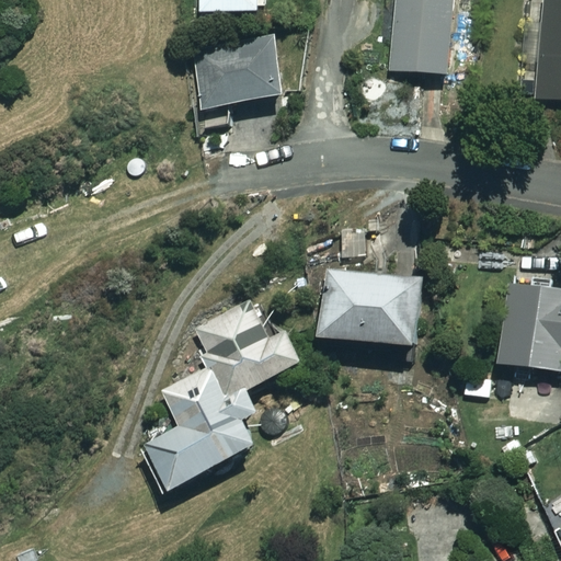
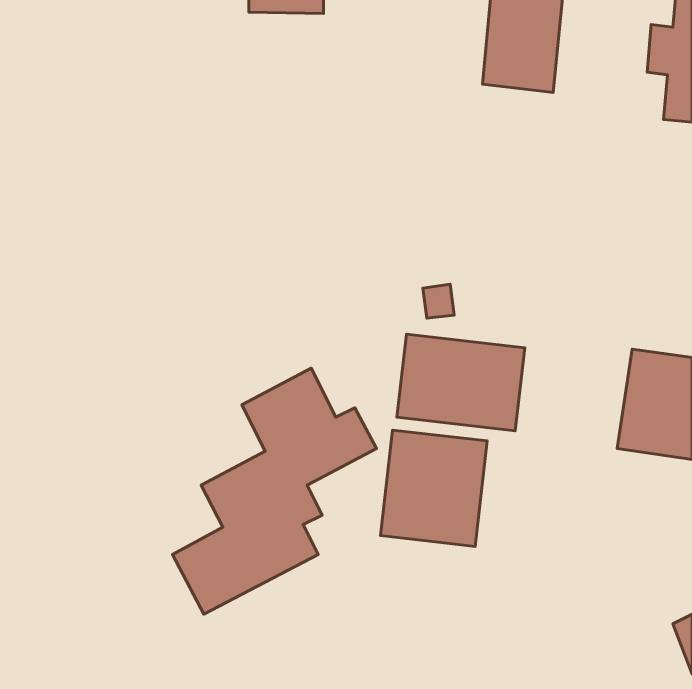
building: [193,35,284,107] -> none
building: none -> [380,430,487,546]

